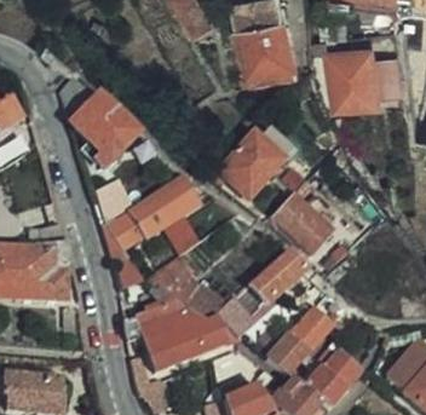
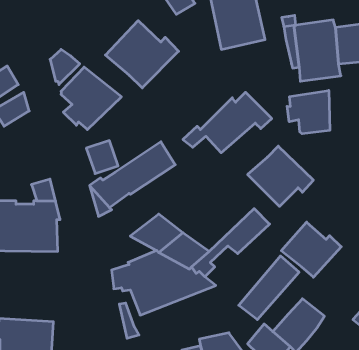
building: none -> [105,21,179,88]
building: none -> [287,90,330,134]
building: none -> [281,222,341,277]

